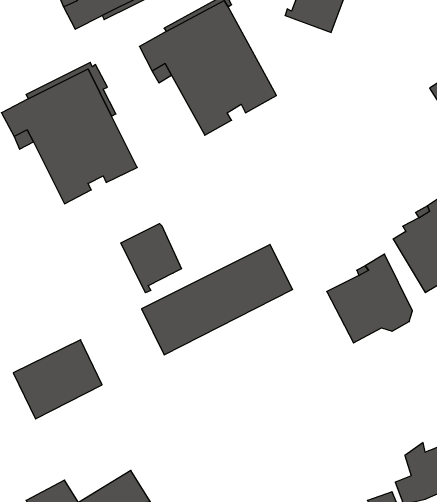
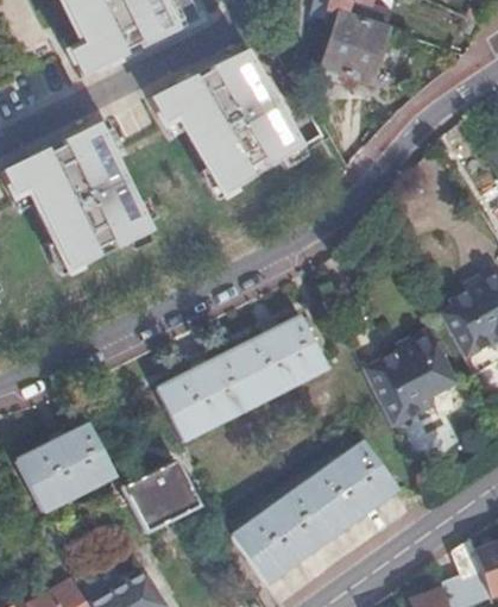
building: [121,224,181,293] -> none
building: none -> [232,443,397,582]
building: none -> [124,459,201,533]

